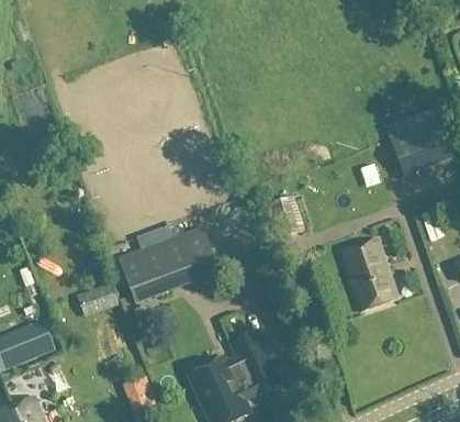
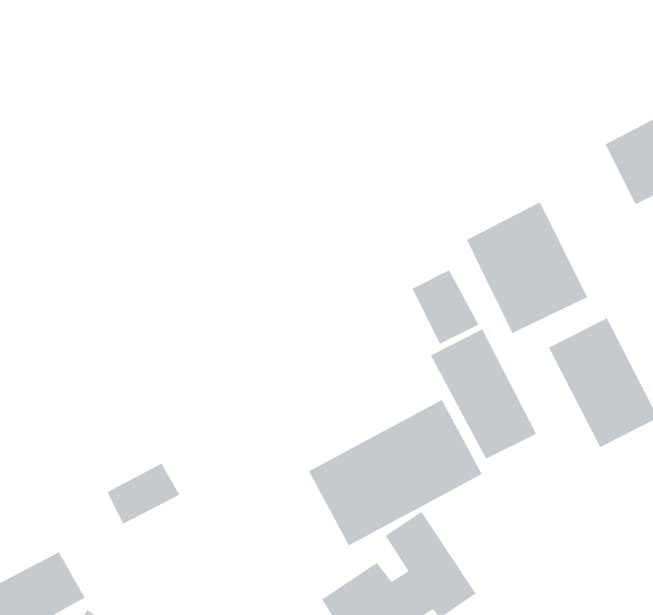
building: none -> [466,201,588,334]
building: [119,226,217,302] -> [308,399,482,546]
building: none -> [430,329,537,459]

